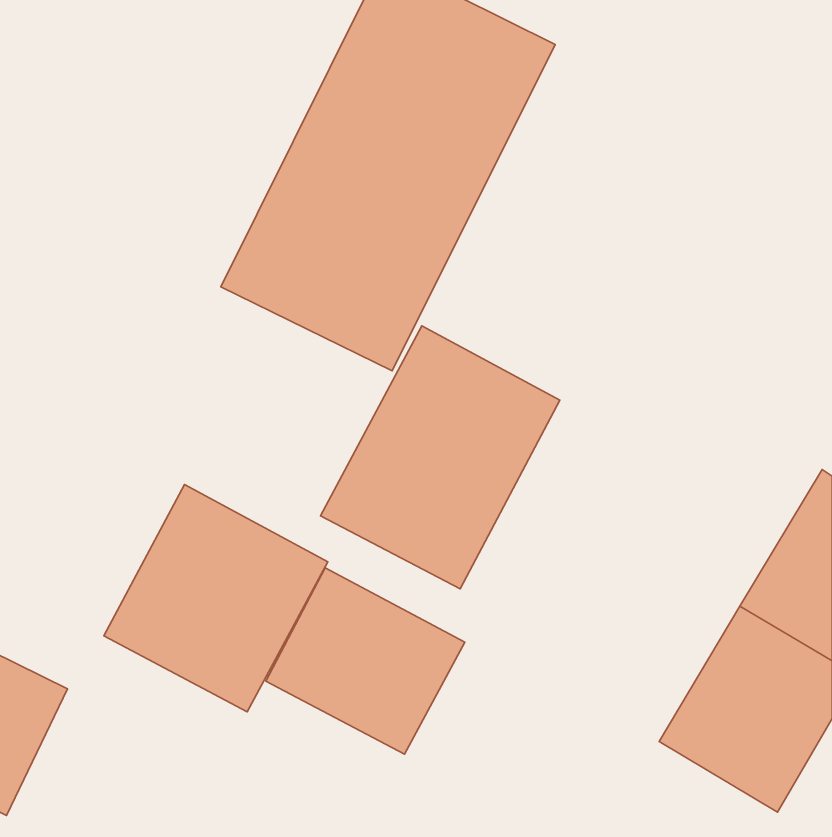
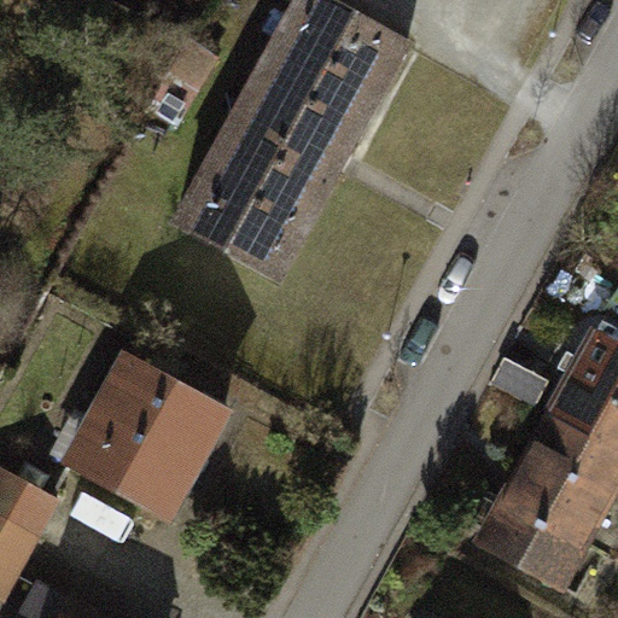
building: [321,326,560,589] -> none
building: [266,568,465,754] -> none

